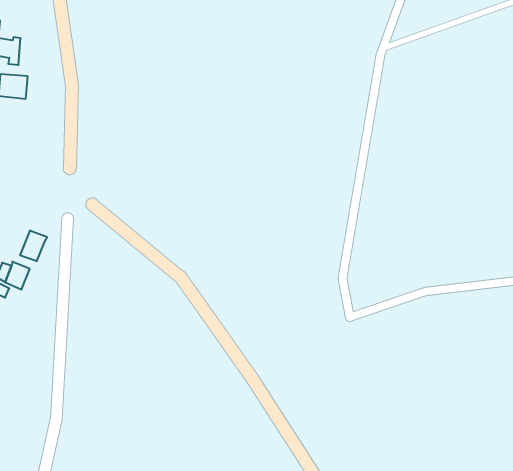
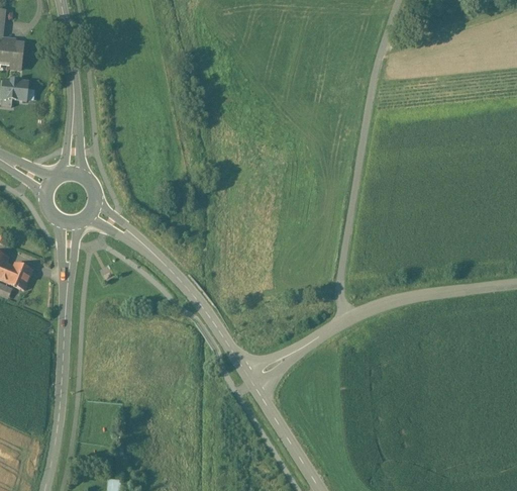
building: [20,230,47,261] -> none

